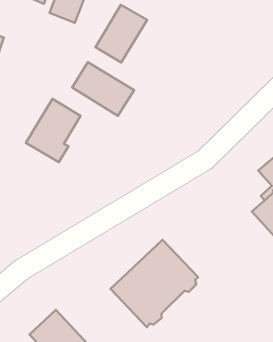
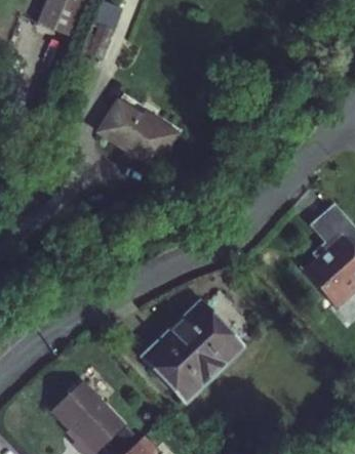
building: [96,5,147,63] -> none
building: [26,99,81,162] -> none

